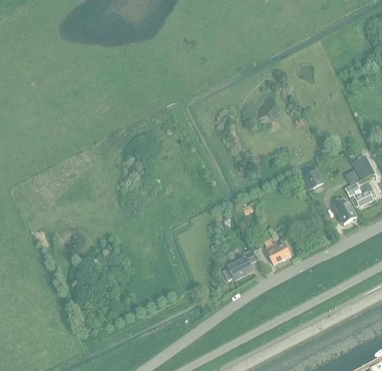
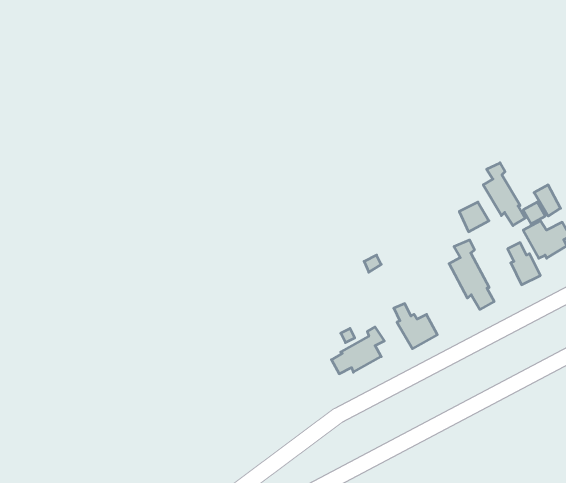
building: none -> [483,163,525,226]
building: none -> [449,240,494,309]

